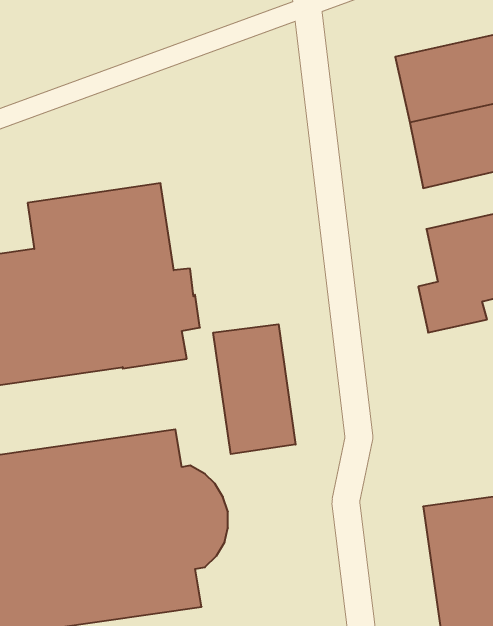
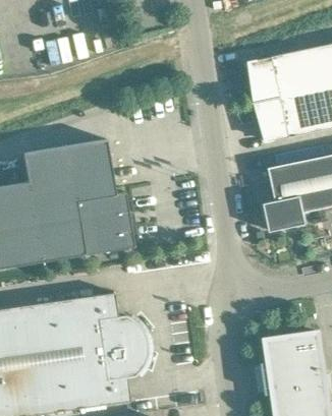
building: [213,324,296,454] -> none

